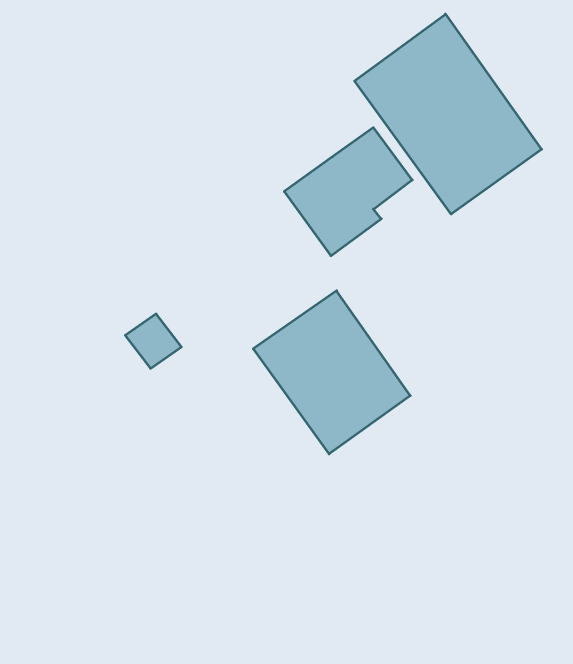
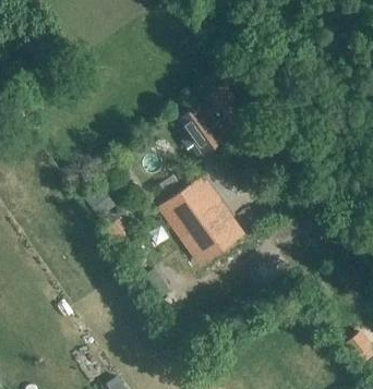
building: [355,14,542,214] -> none

